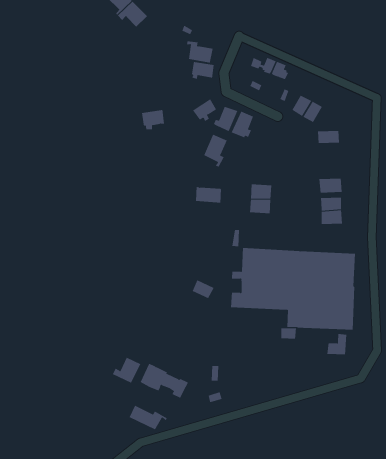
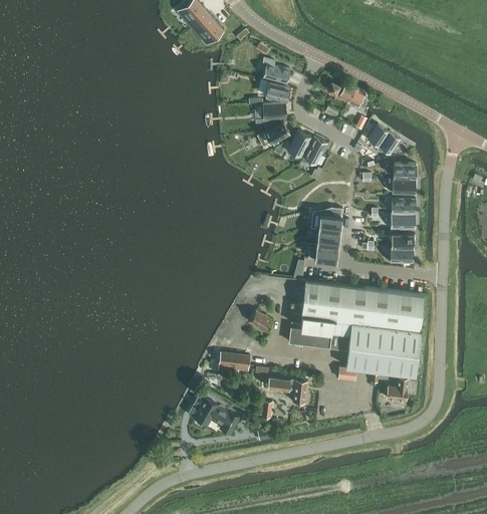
building: [141,109,165,130] -> [262,102,286,122]
building: [203,134,227,167] -> none
building: none -> [392,179,416,195]
building: none -> [391,199,416,215]
building: [195,187,222,203] -> [309,243,338,262]
building: none -> [218,352,250,372]
building: none -> [267,376,307,404]
building: [112,357,141,383] -> none
building: [129,405,168,430] -> none

